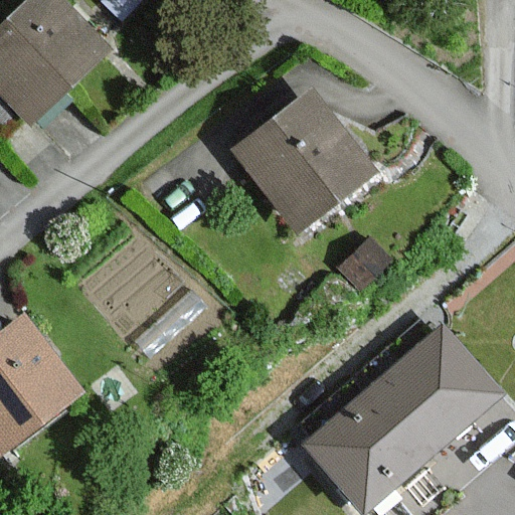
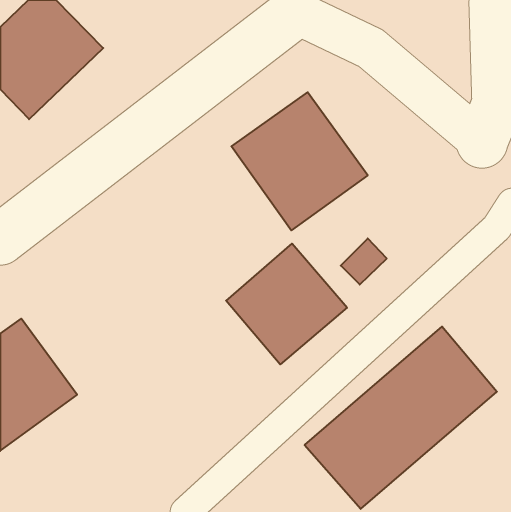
building: none -> [226,244,347,364]

